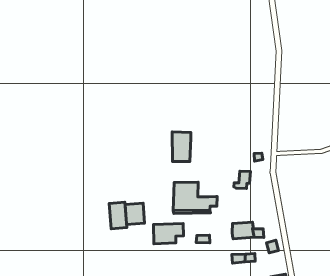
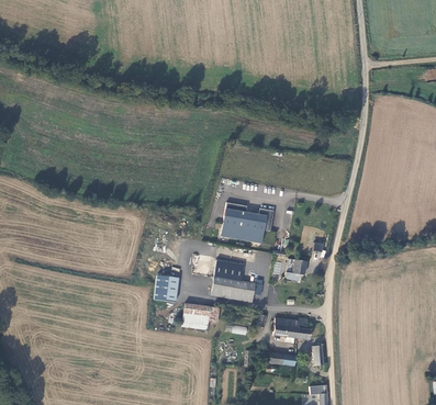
building: none -> [239,209,272,244]
building: [109,202,127,229] -> none

